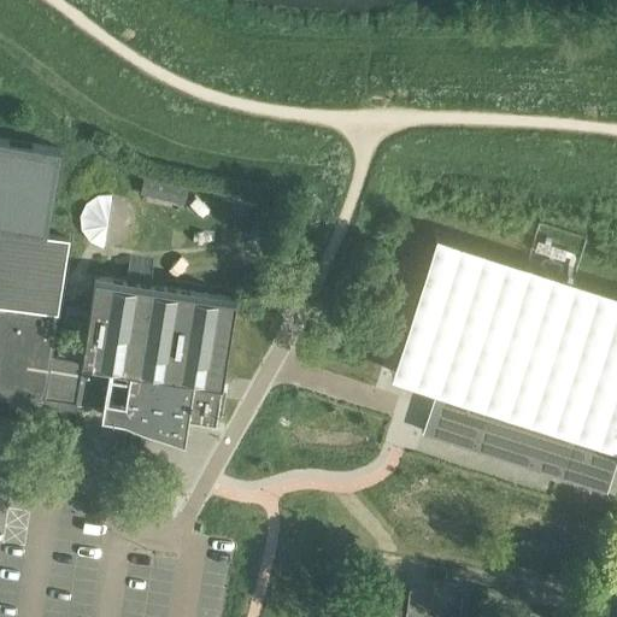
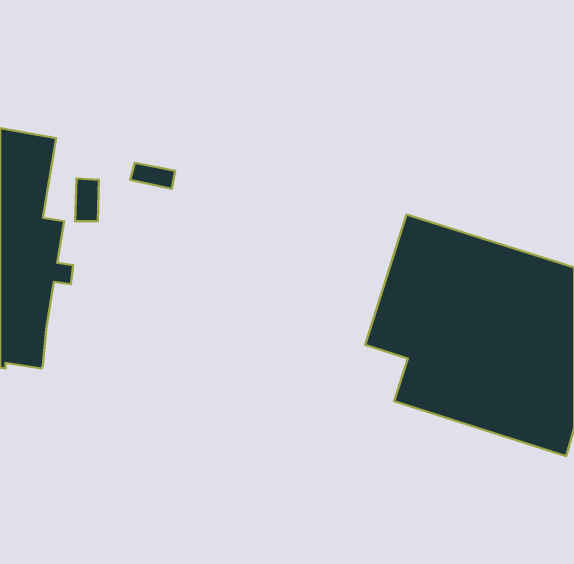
building: [46,284,239,449] -> none

